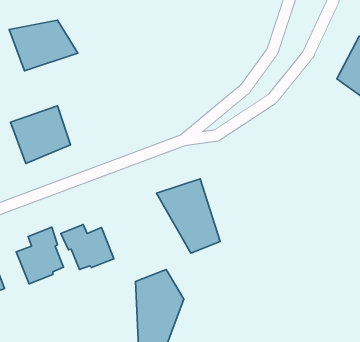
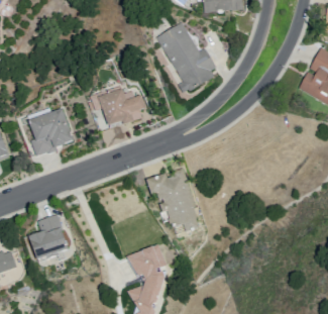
building: none -> [156,21,222,99]
building: [9,20,78,71] -> [91,88,149,131]
building: [61,224,114,270] -> none

